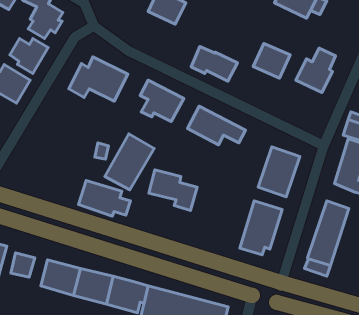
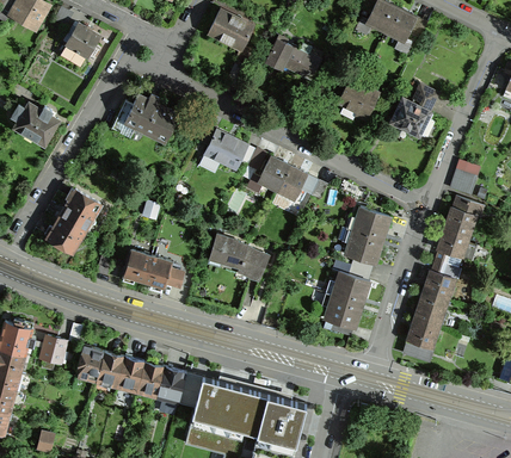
building: [10,39,48,73] -> none
building: [191,46,238,81] -> [264,38,321,81]
building: [105,134,154,190] -> [42,184,103,253]
building: none -> [432,248,462,279]

